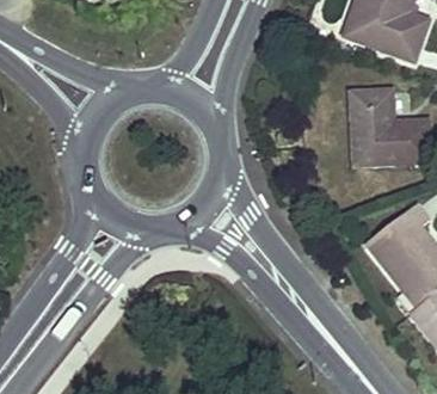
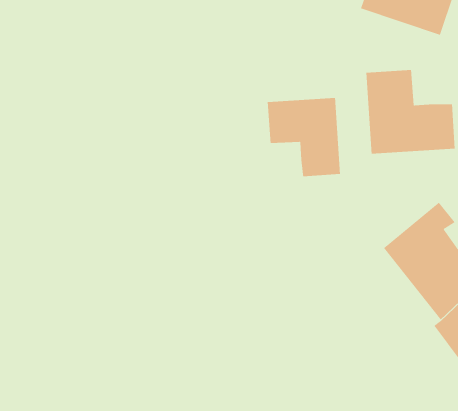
building: none -> [267,97,340,177]

